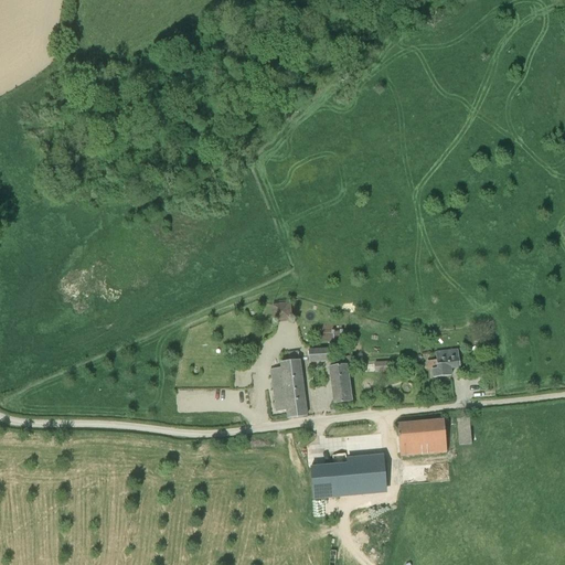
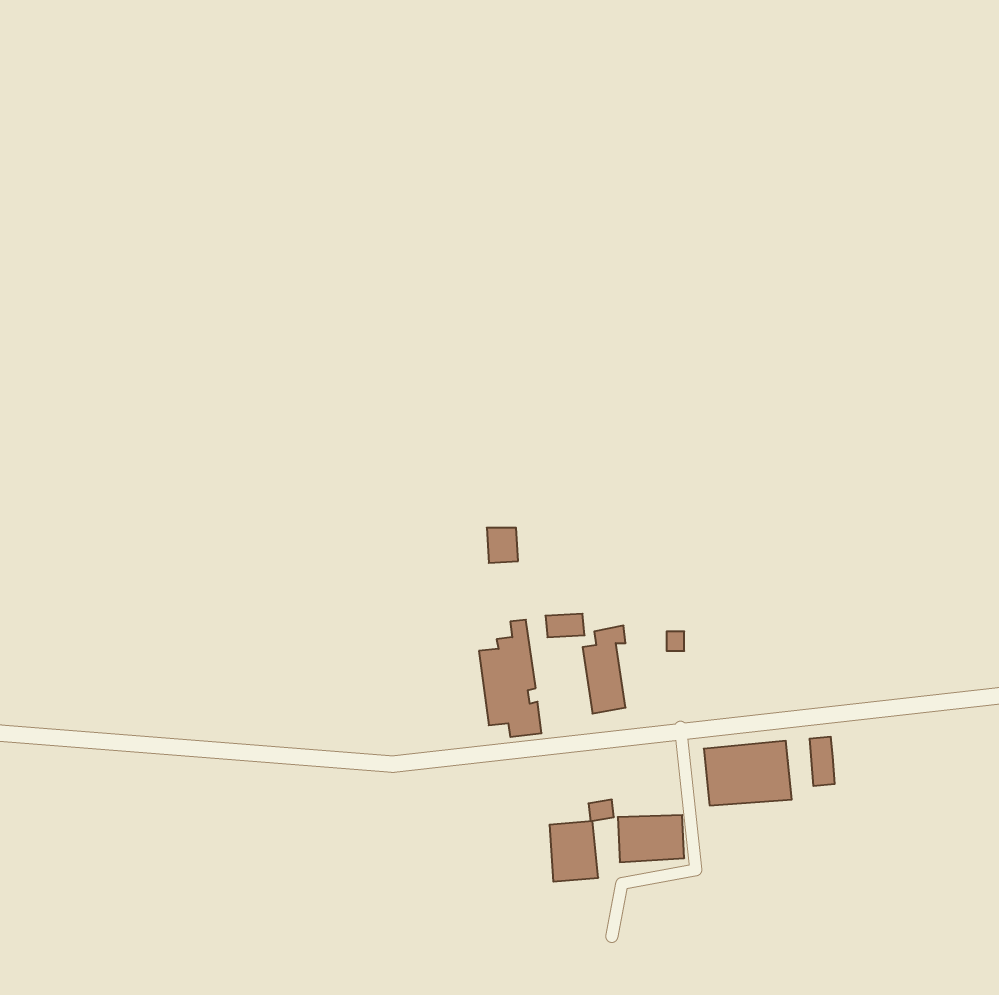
building: [426,347,460,376] -> none

